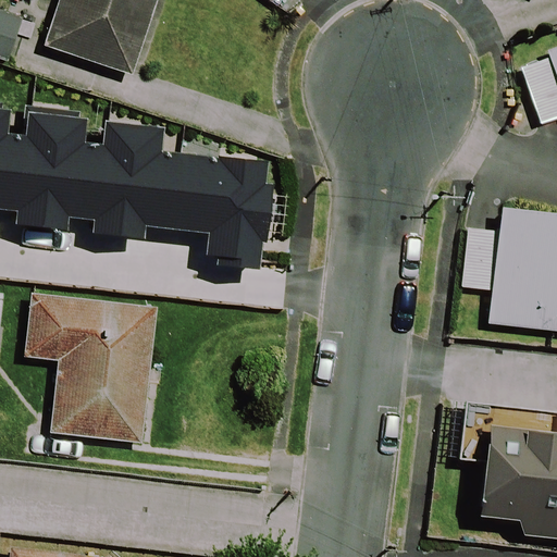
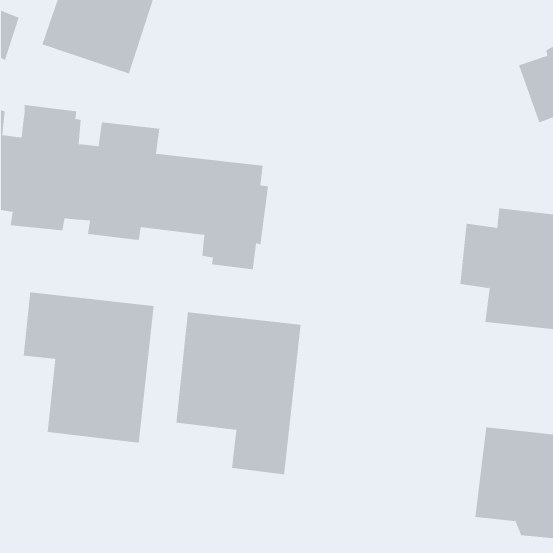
building: none -> [176,312,301,475]

